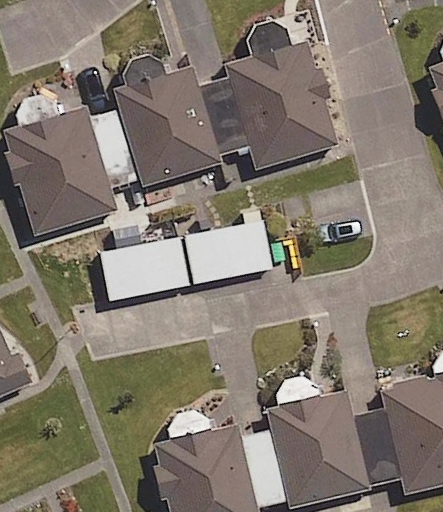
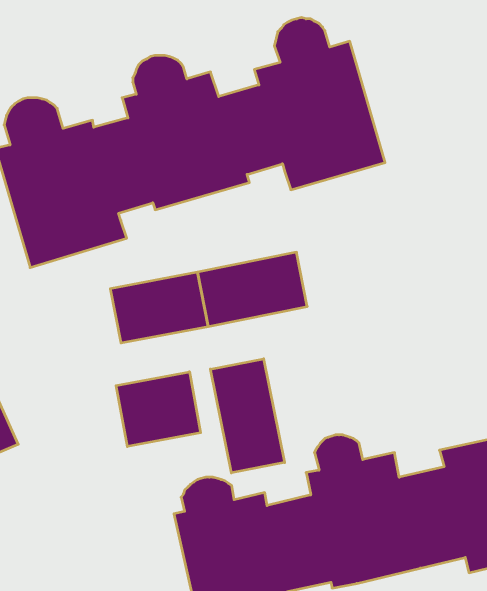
building: none -> [210,359,285,473]
building: none -> [116,372,201,447]

